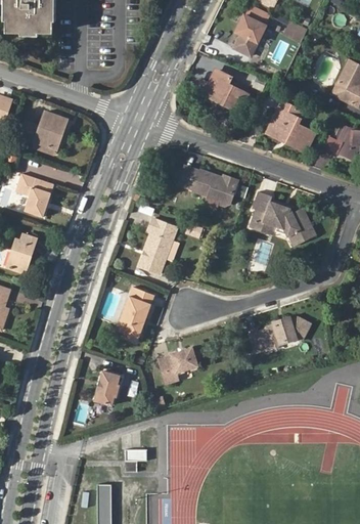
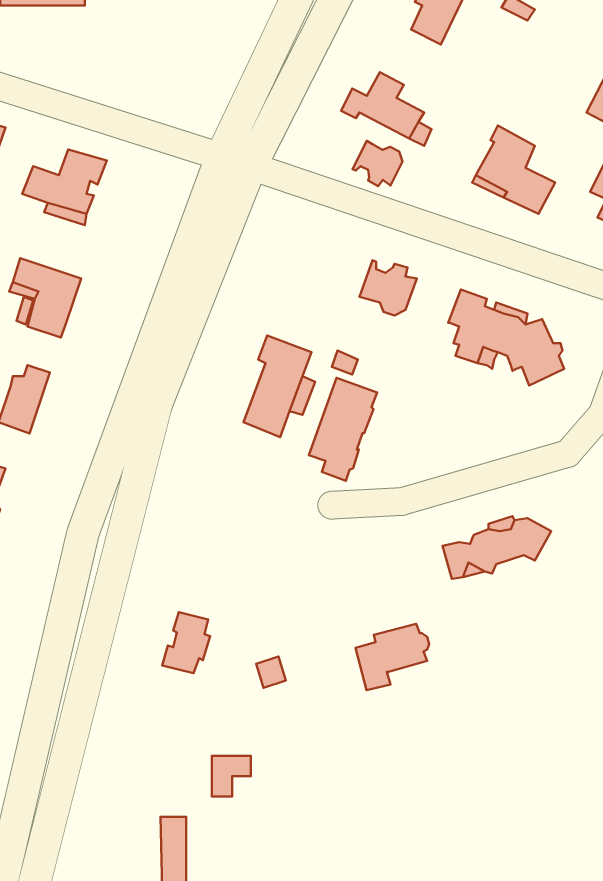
building: none -> [353,141,403,186]
building: [179,167,213,194] -> none
building: [119,287,156,344] -> [309,378,377,481]
building: [163,344,204,381] -> [355,624,429,690]

